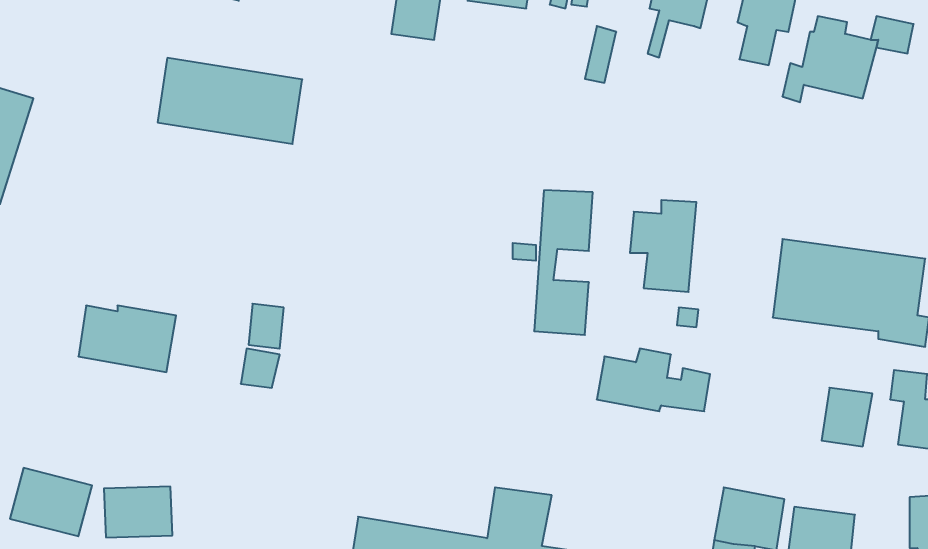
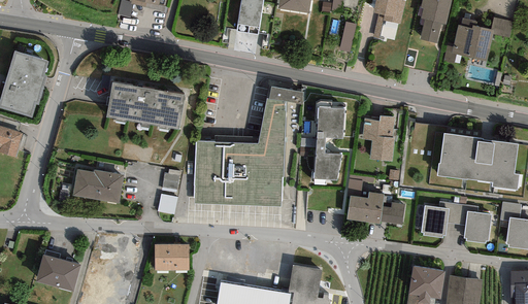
building: [158,58,302,144] -> [106,82,183,128]
building: none -> [195,88,304,207]
building: none -> [420,205,448,237]
building: [104,487,172,537] -> [153,243,189,270]

